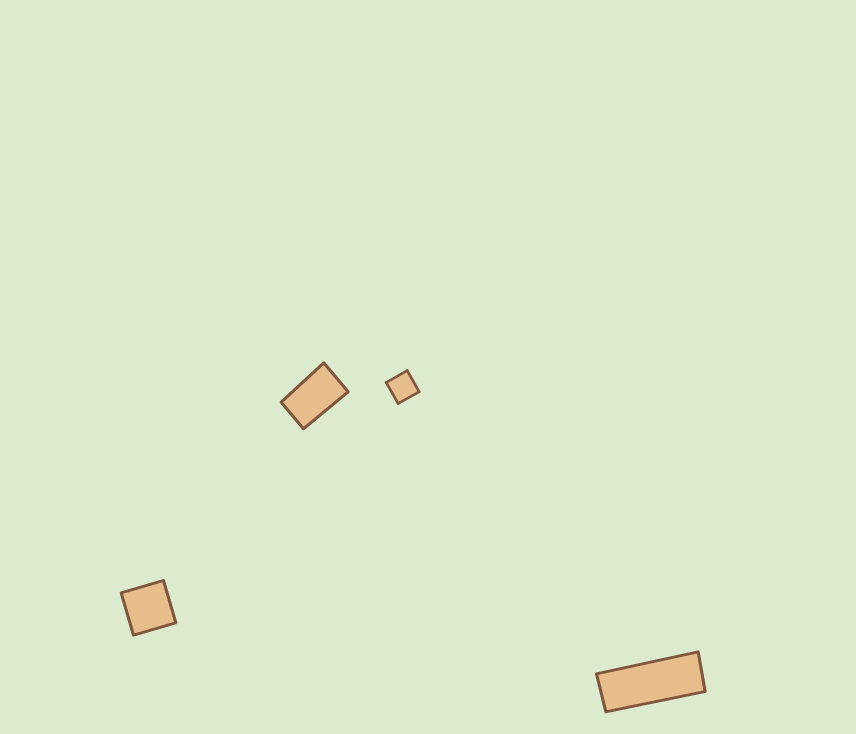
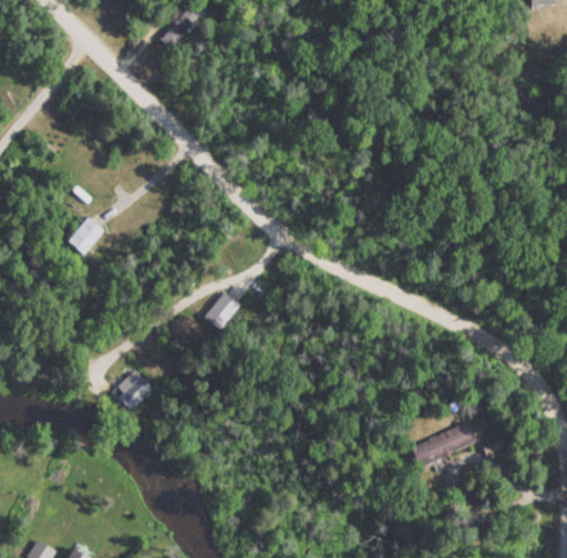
building: none -> [68,217,104,255]
building: [121,580,176,635] -> [116,371,151,405]

